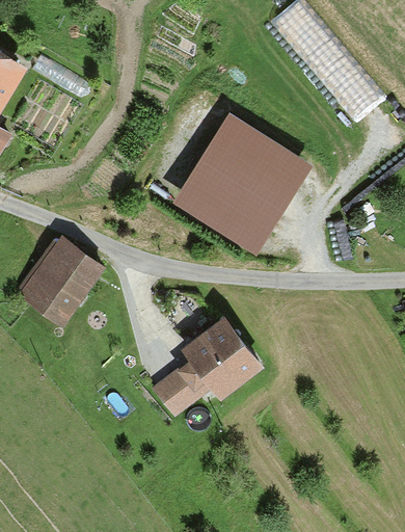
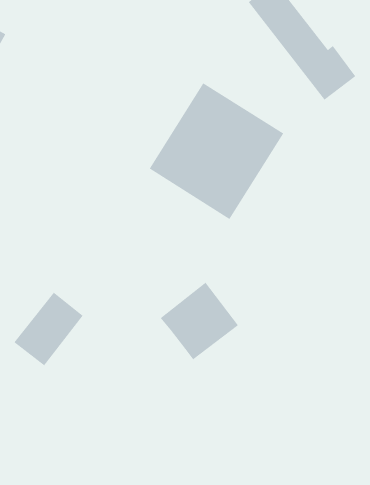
building: [25,248,98,325] -> [13,292,84,366]
building: [157,366,212,419] -> none

